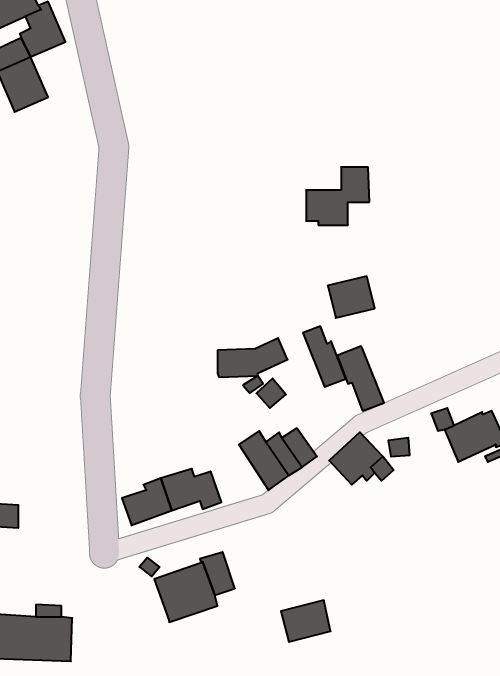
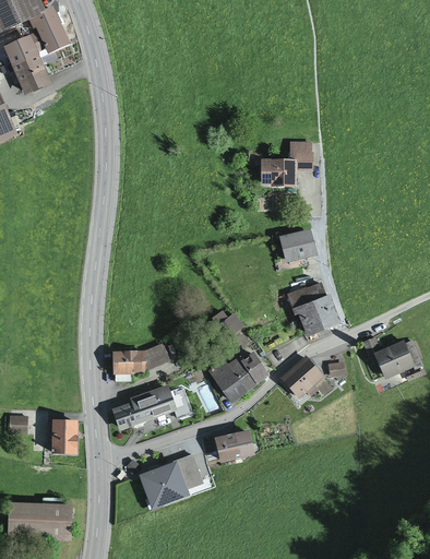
building: [303,326,346,387] -> [307,282,342,331]
building: [218,338,288,377] -> [112,342,169,373]
building: none -> [47,419,77,454]
building: [281,600,331,642] -> [214,429,254,463]

